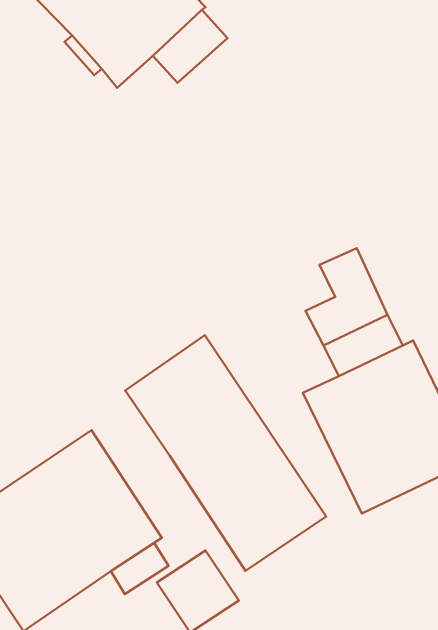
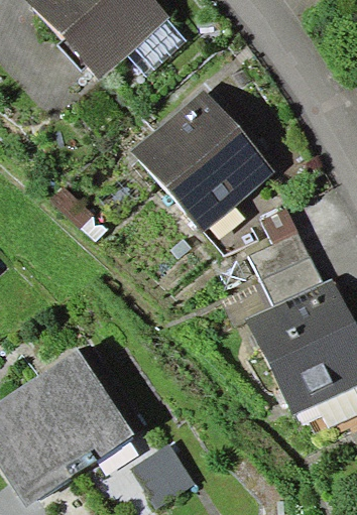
building: none -> [132,89,275,231]
building: [125,335,326,571] -> none

